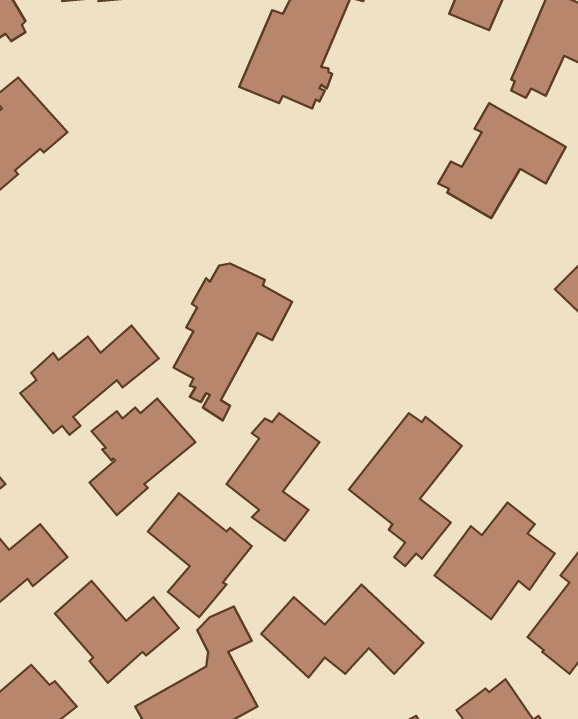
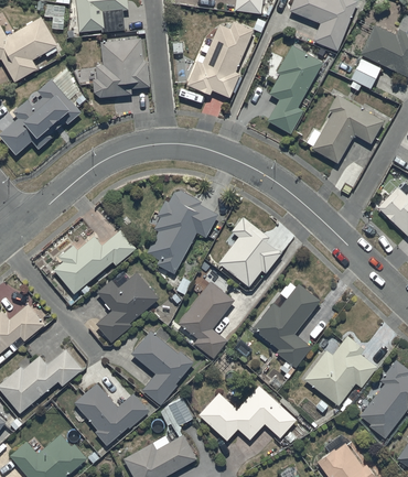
building: none -> [94,39,151,99]
building: none -> [255,45,324,134]
building: none -> [218,217,294,288]

